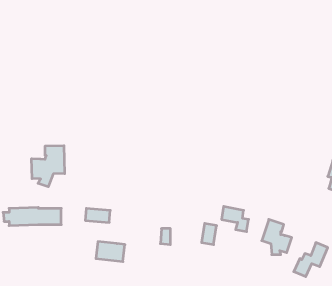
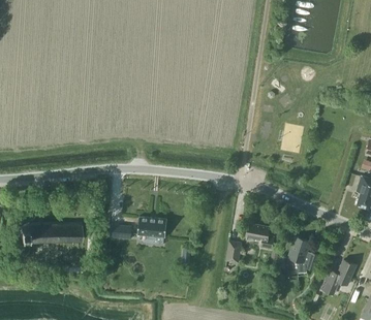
building: [32,146,65,187] -> none
building: [96,242,125,262] -> [134,216,164,236]

